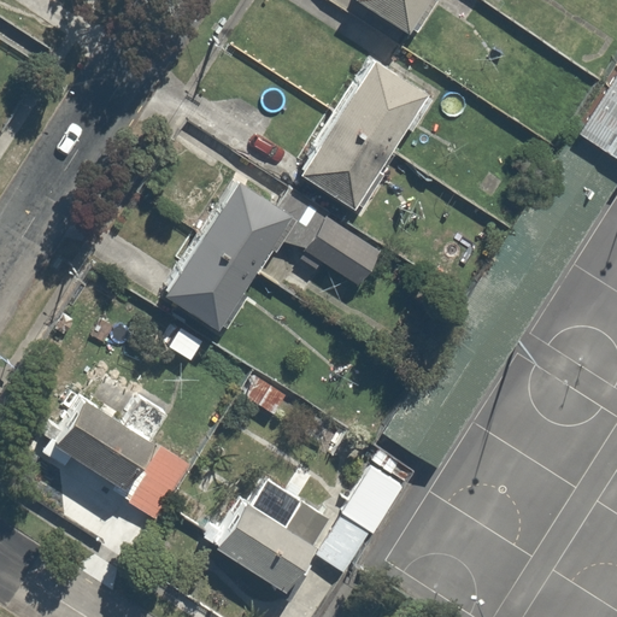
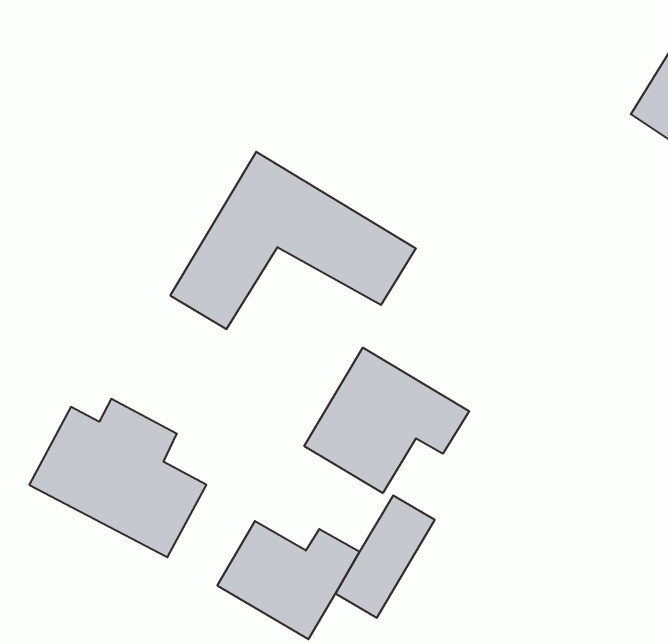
building: [301,54,427,199] -> none
building: none -> [304,348,469,493]

